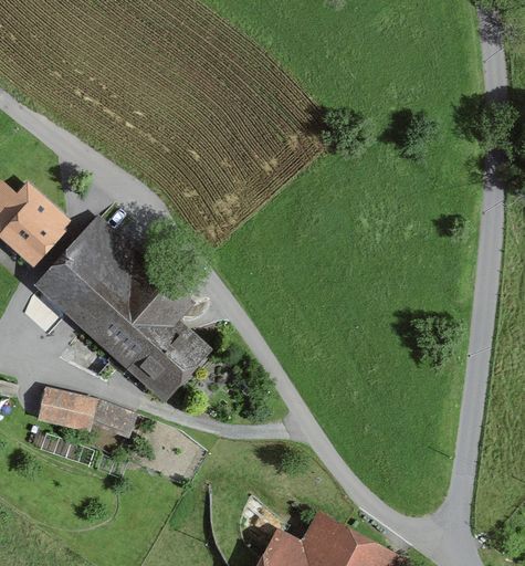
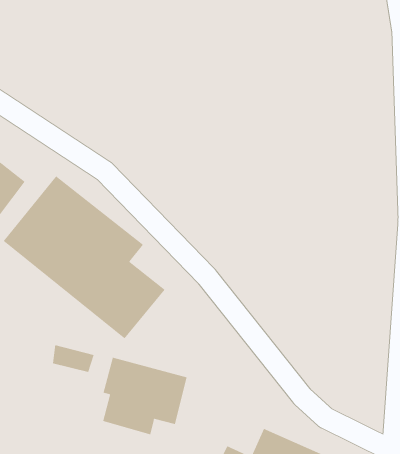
building: [30,392,87,437] -> none
building: none -> [102,357,187,435]

